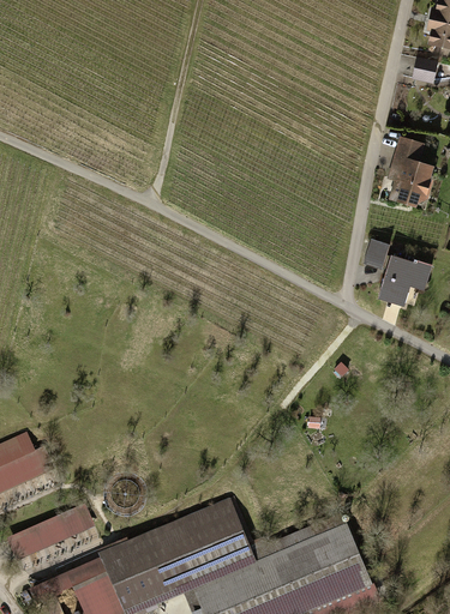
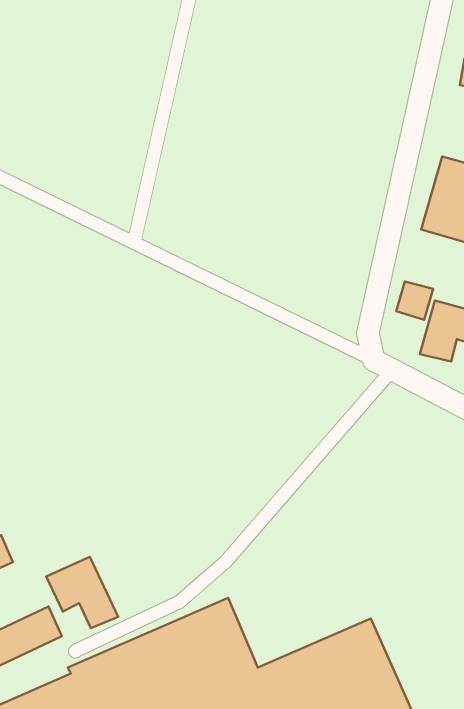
building: none -> [46,557,118,628]

